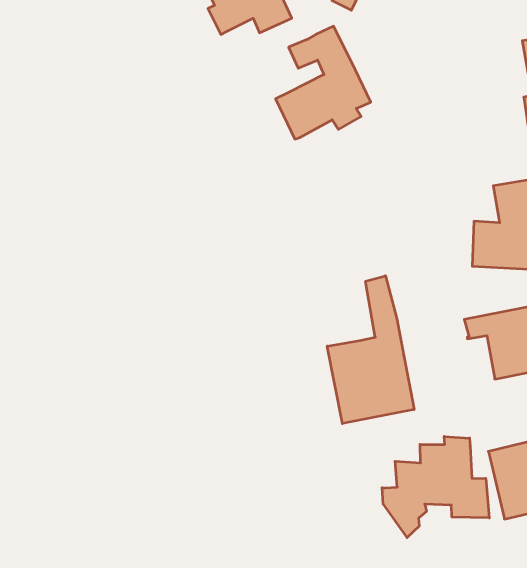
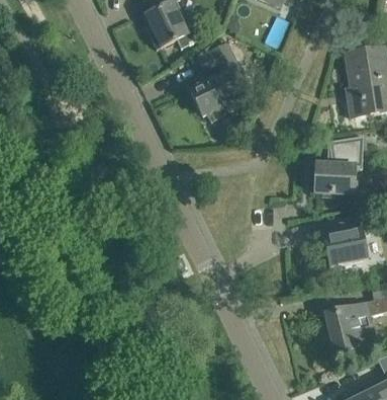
building: [327,276,414,424] -> none
building: [382,436,489,538] -> none

